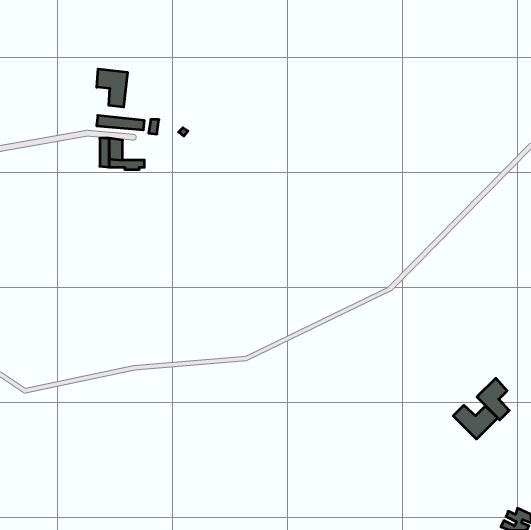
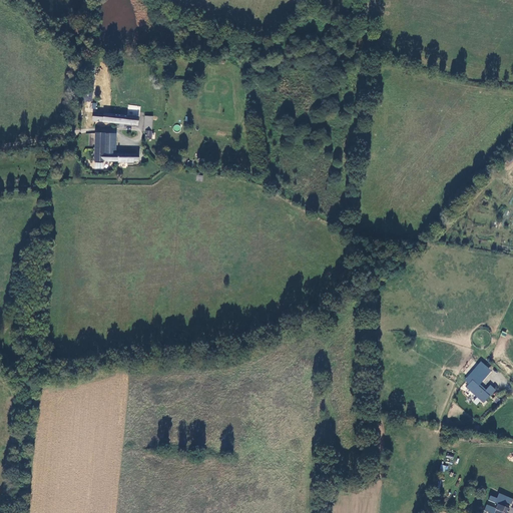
building: [97,69,127,107] -> none
building: [453,405,498,439] -> none

